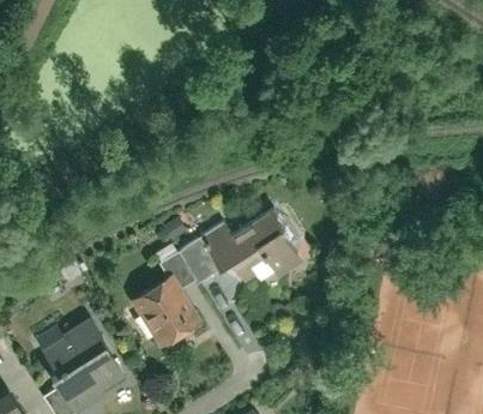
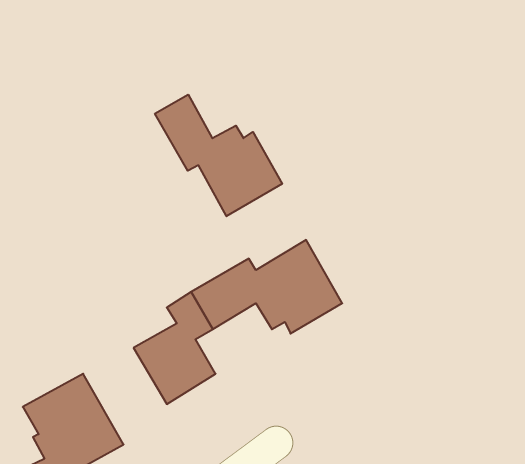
building: none -> [155,95,282,216]

